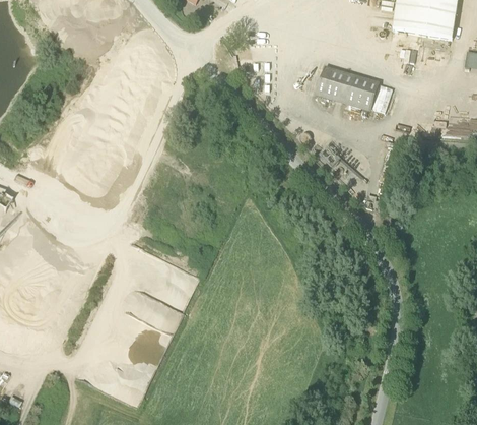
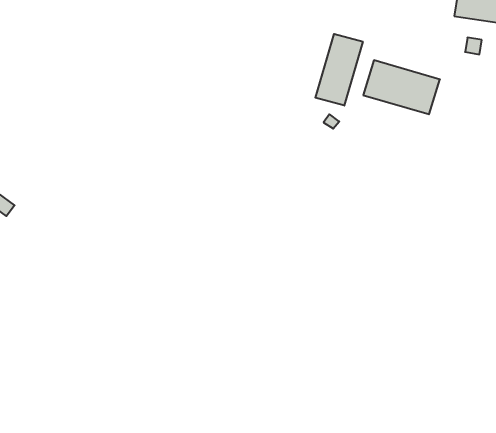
building: none -> [315,34,363,106]

